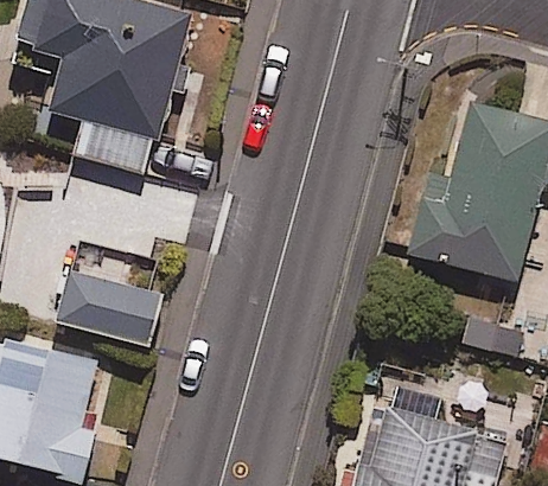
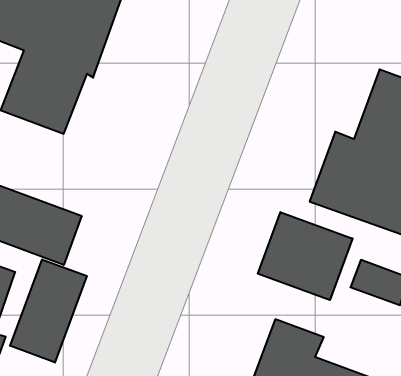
building: none -> [258,212,353,300]
building: none -> [10,259,87,363]

